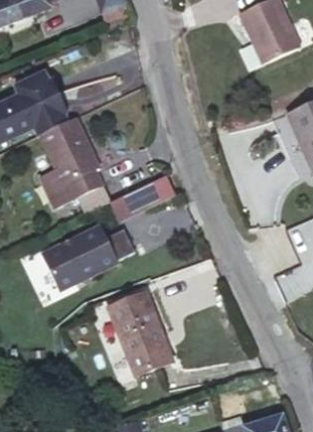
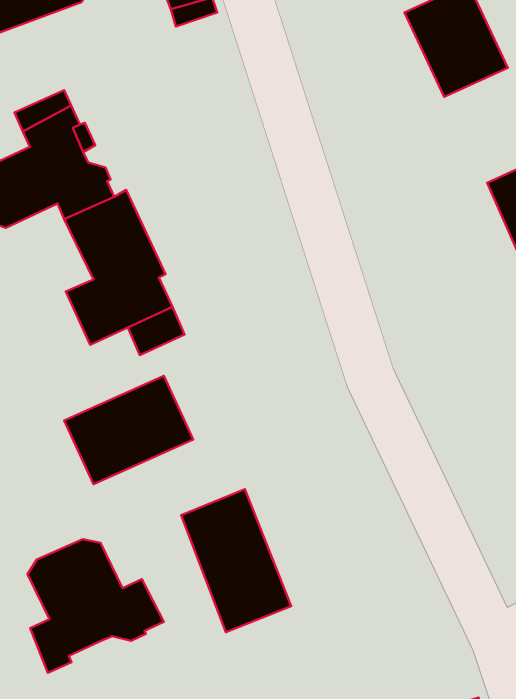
building: [110,174,173,220] -> none
building: none -> [27,539,164,673]

